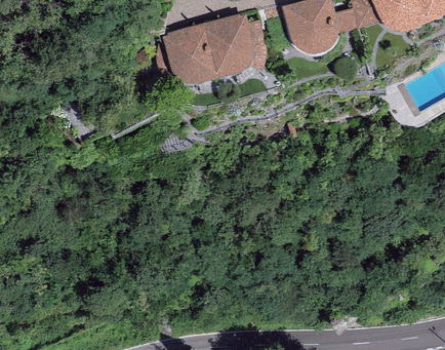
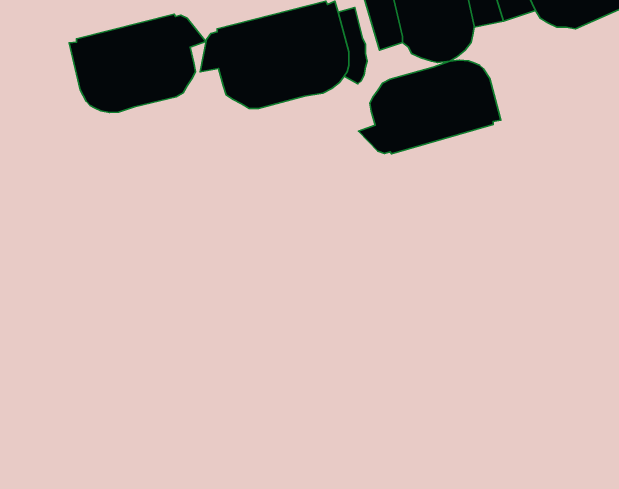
building: none -> [69,14,206,112]
building: none -> [359,60,501,154]

